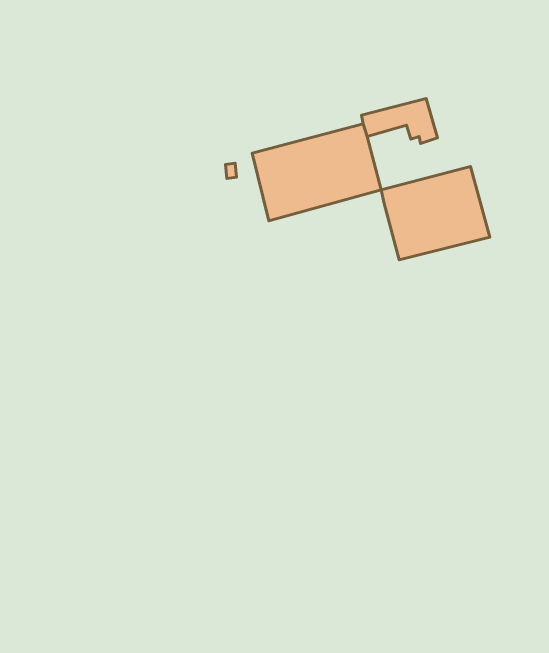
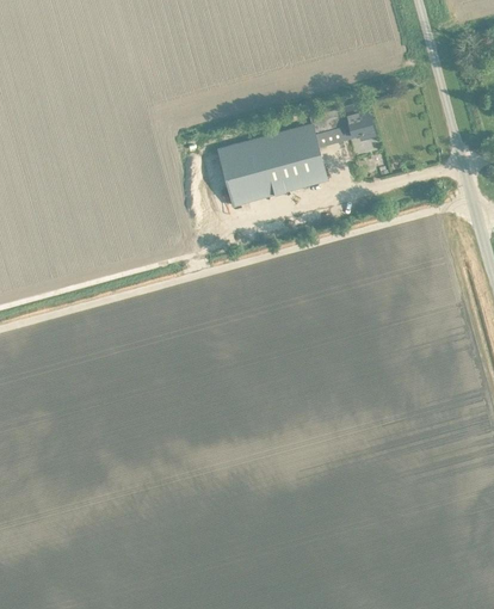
building: [381,167,490,260] -> none

